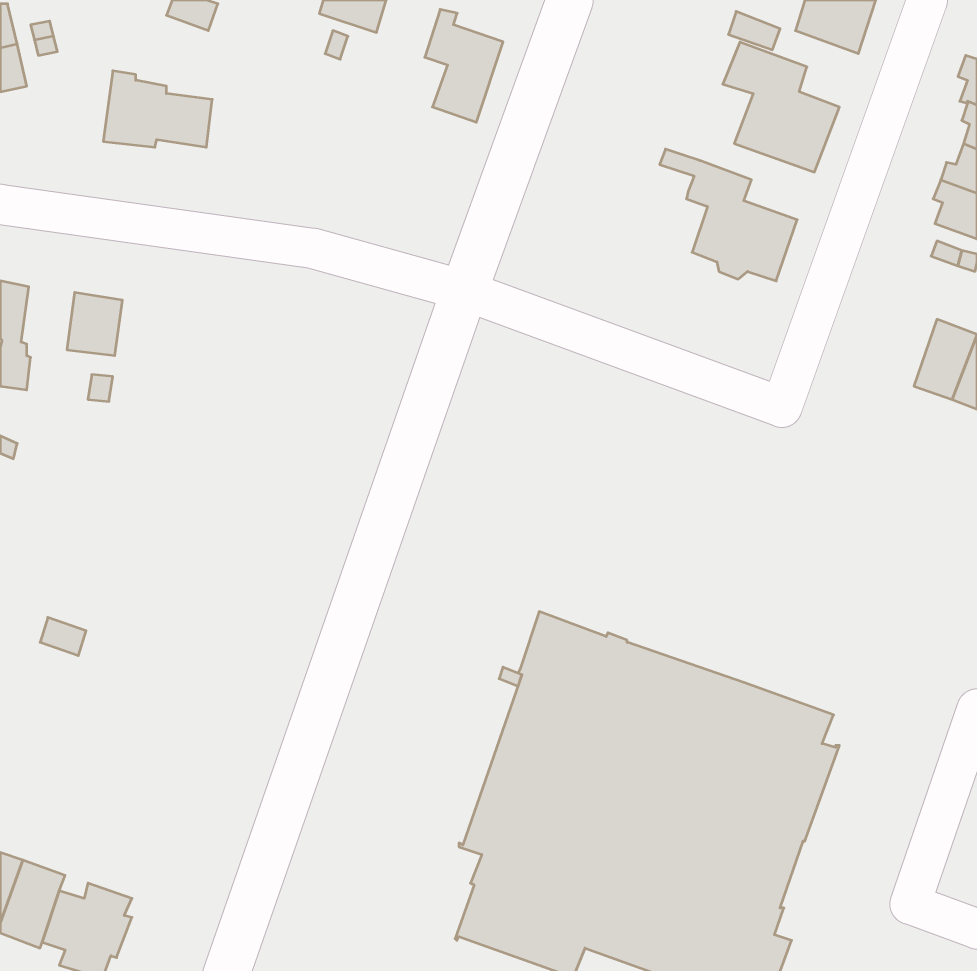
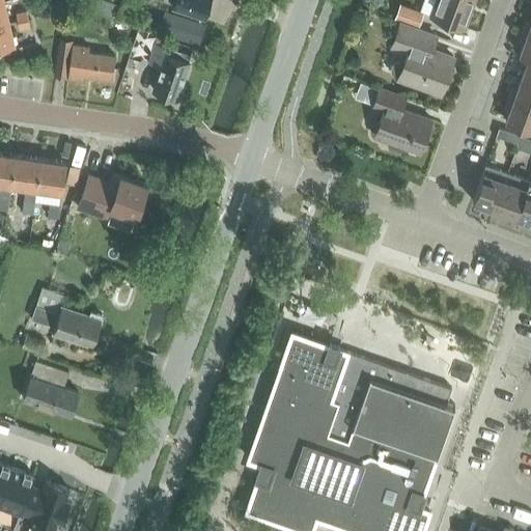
building: [425,9,503,122] -> [149,40,192,102]
building: none -> [11,159,40,223]
building: none -> [474,169,508,213]
building: none -> [79,176,147,222]
building: none -> [32,290,104,350]
building: none -> [23,363,80,419]

